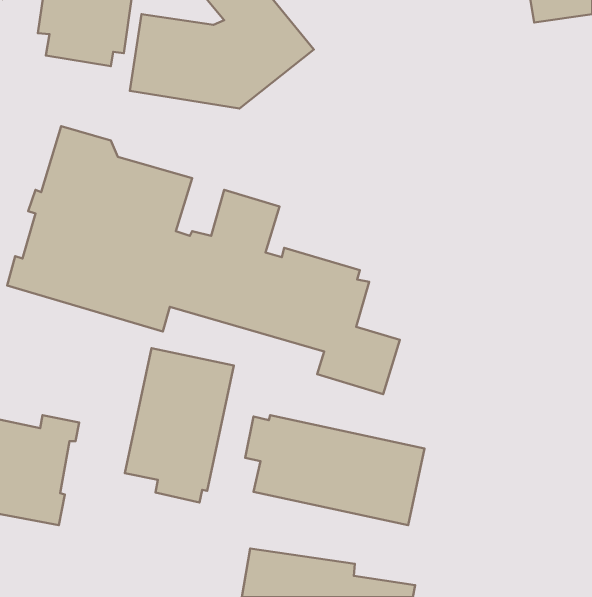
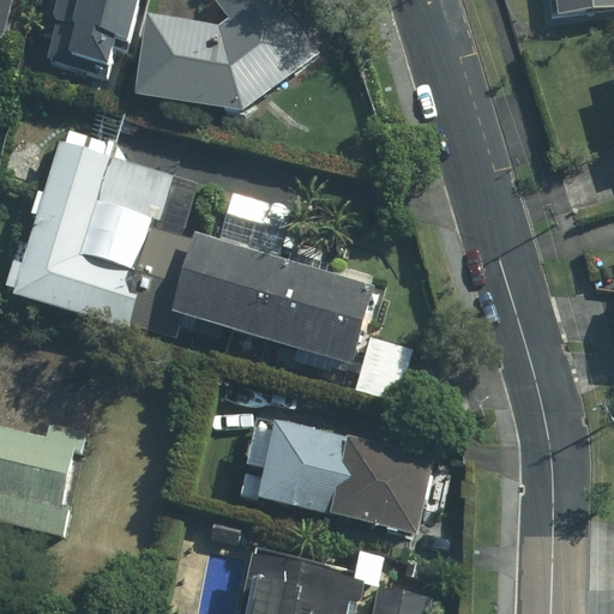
building: [125,348,234,502] -> none

